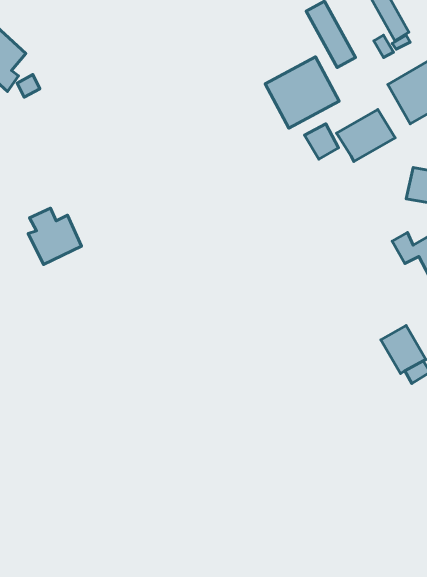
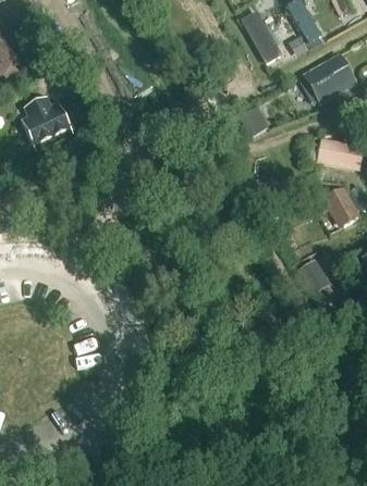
building: [265,57,339,128] -> none
building: [337,109,395,162] -> none
building: [28,208,82,265] -> [27,99,69,142]

